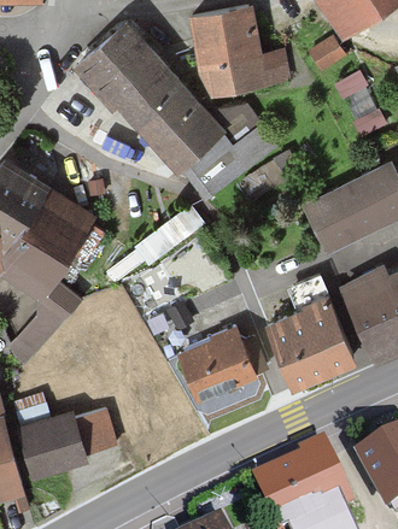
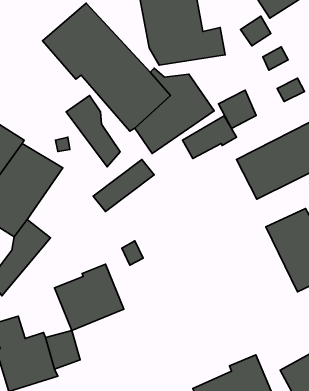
building: none -> [218,90,256,129]
building: none -> [66,96,120,167]
building: [265,275,356,388] -> none
building: [177,324,259,402] -> [55,264,124,330]

